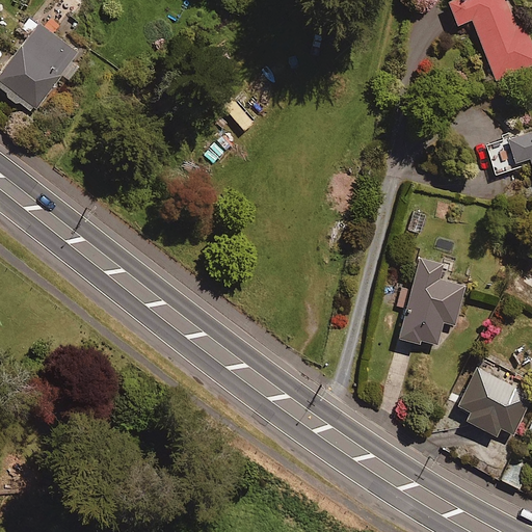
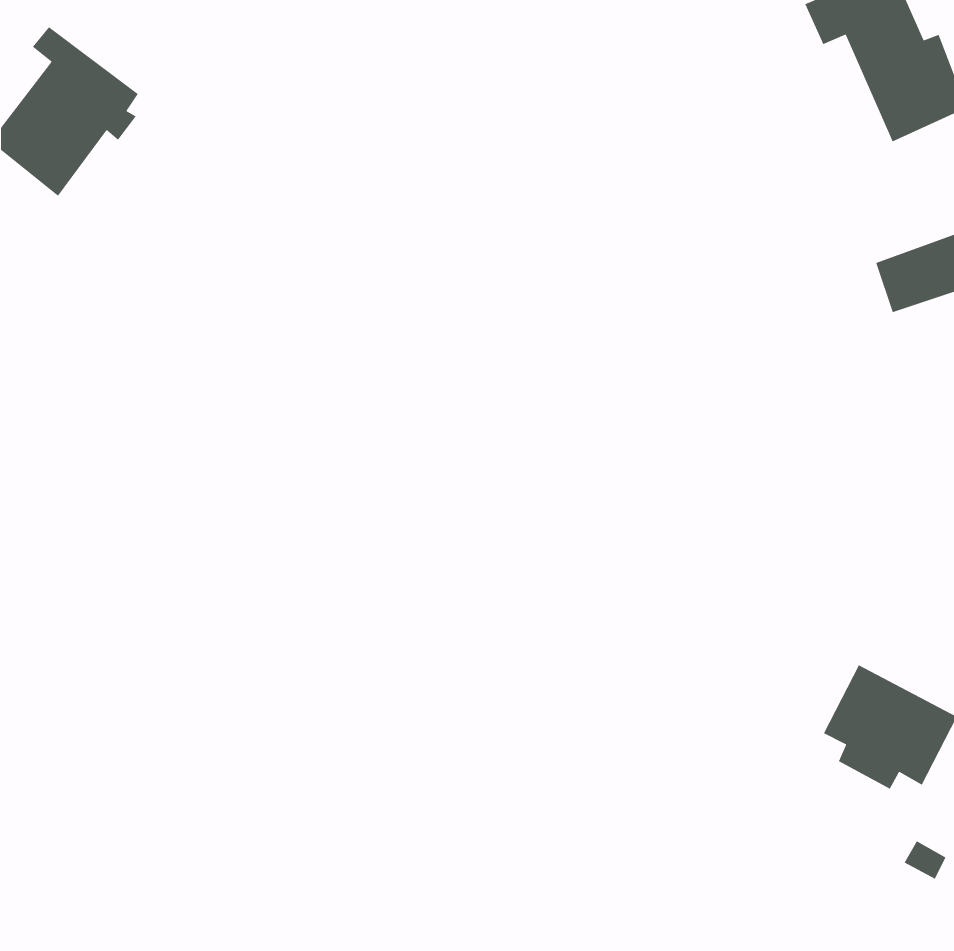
building: [397,258,464,346] -> none

